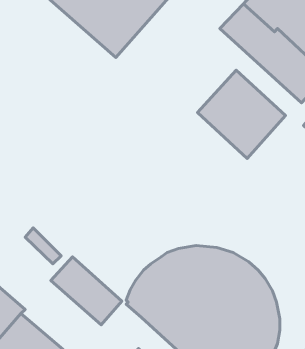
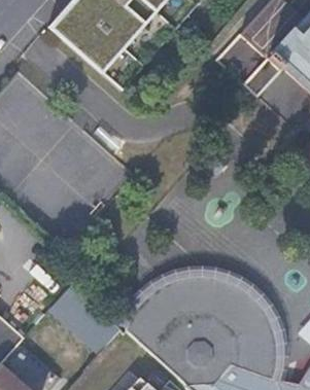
building: [198,70,286,159] -> none

